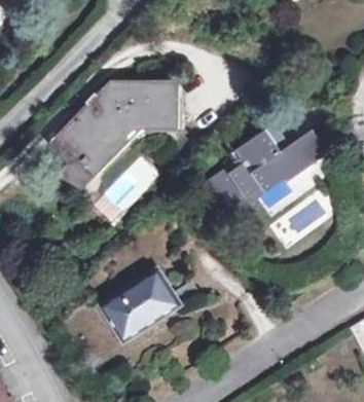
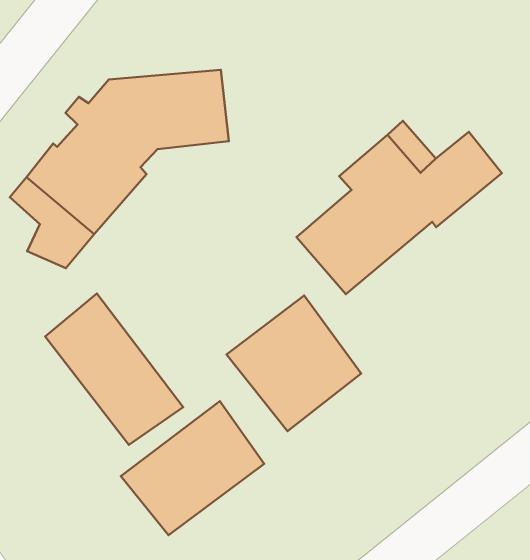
building: none -> [45,293,183,445]
building: none -> [227,295,361,431]

